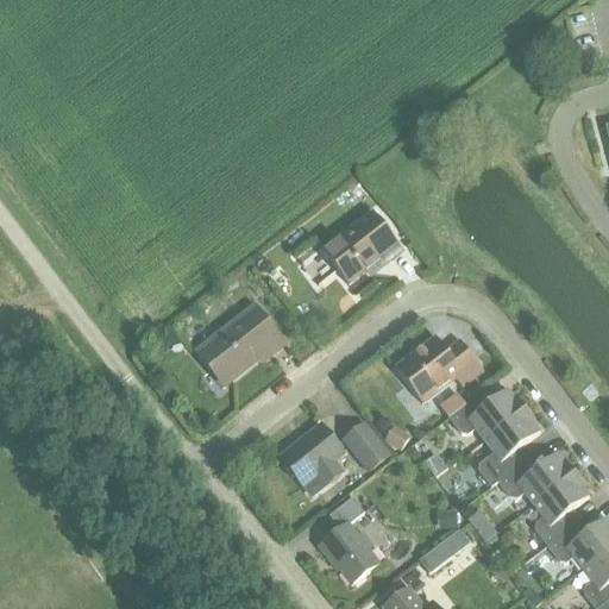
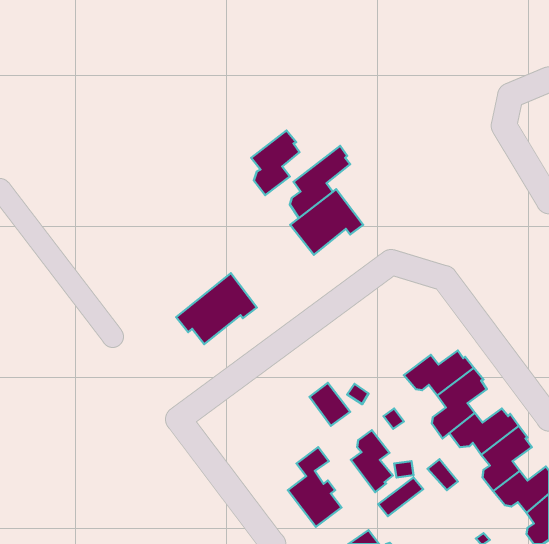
building: none -> [251,130,300,195]
building: none -> [290,146,350,218]
building: [395,334,483,401] -> none
building: [281,423,341,482] -> none
building: none -> [351,430,393,492]

